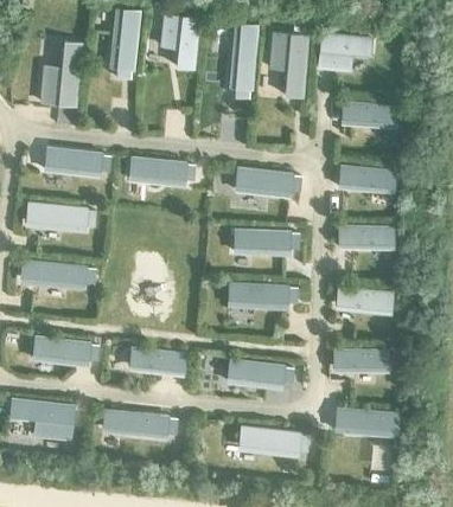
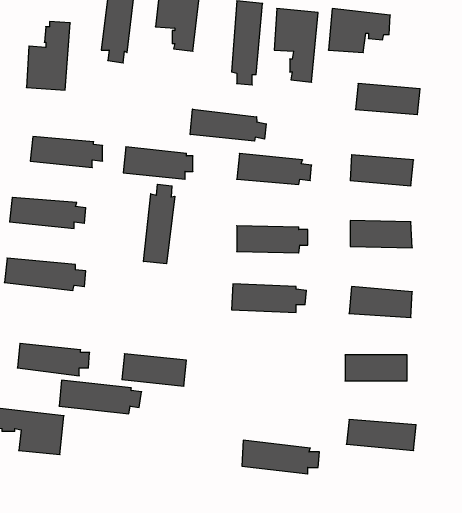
building: none -> [190,109,266,141]
building: none -> [144,184,175,264]
building: [226,359,293,390] -> none
building: [102,409,178,439] -> [59,380,142,414]

